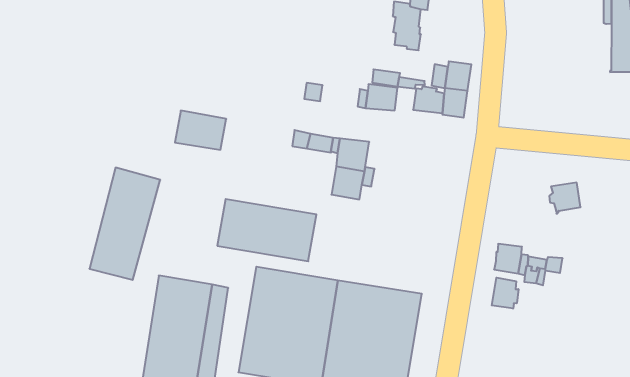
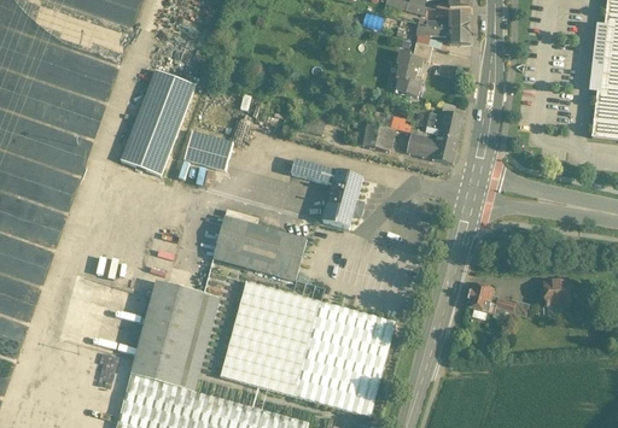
building: [89,168,160,280] -> [121,69,194,174]
building: [549,183,581,214] -> [541,279,569,305]
building: [492,278,518,309] -> none

